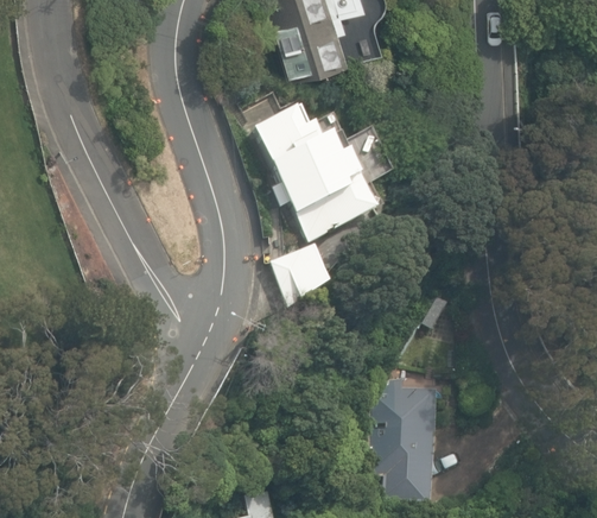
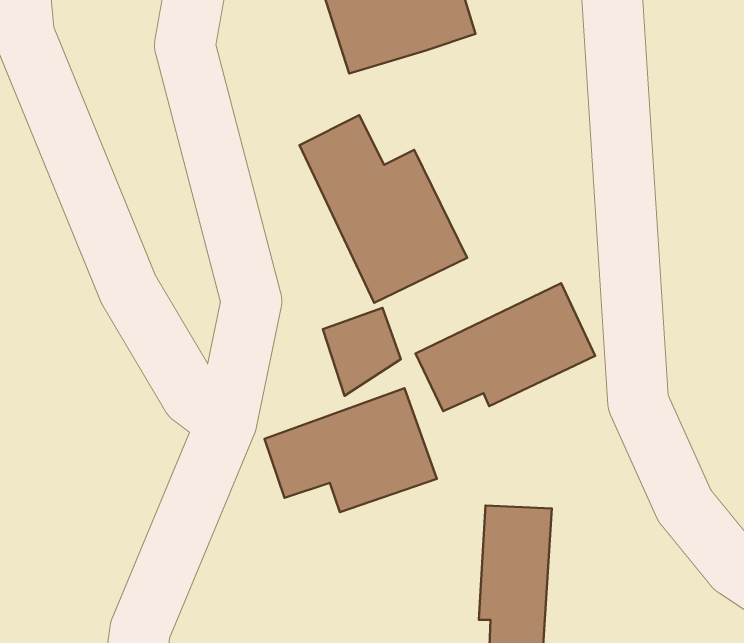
building: none -> [415,283,595,411]
building: none -> [265,388,437,512]

